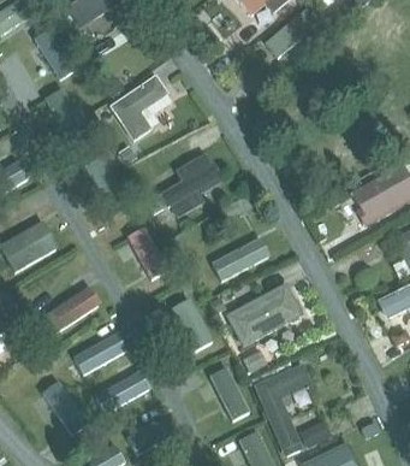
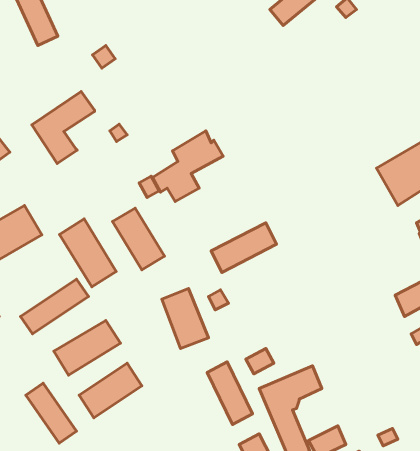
building: [111,76,167,141] -> [32,91,95,163]
building: none -> [60,219,116,287]
building: [226,282,304,348] -> none

